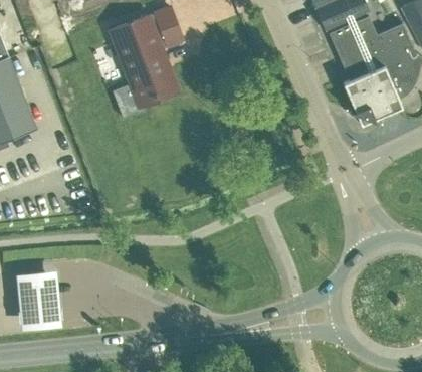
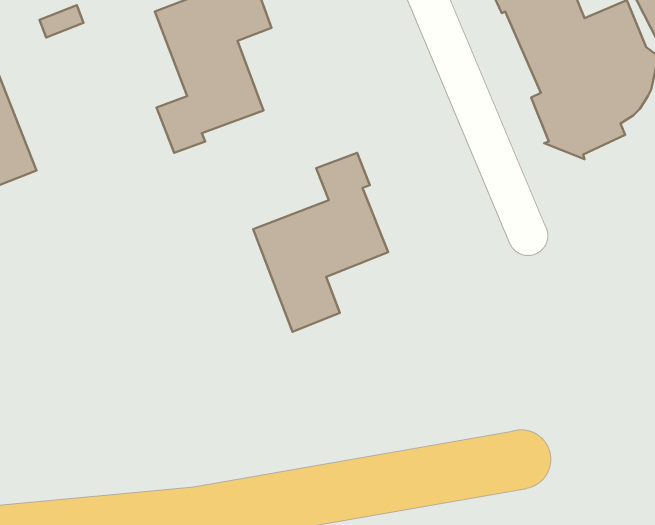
building: none -> [253,153,388,332]
building: [18,275,62,334] -> none

